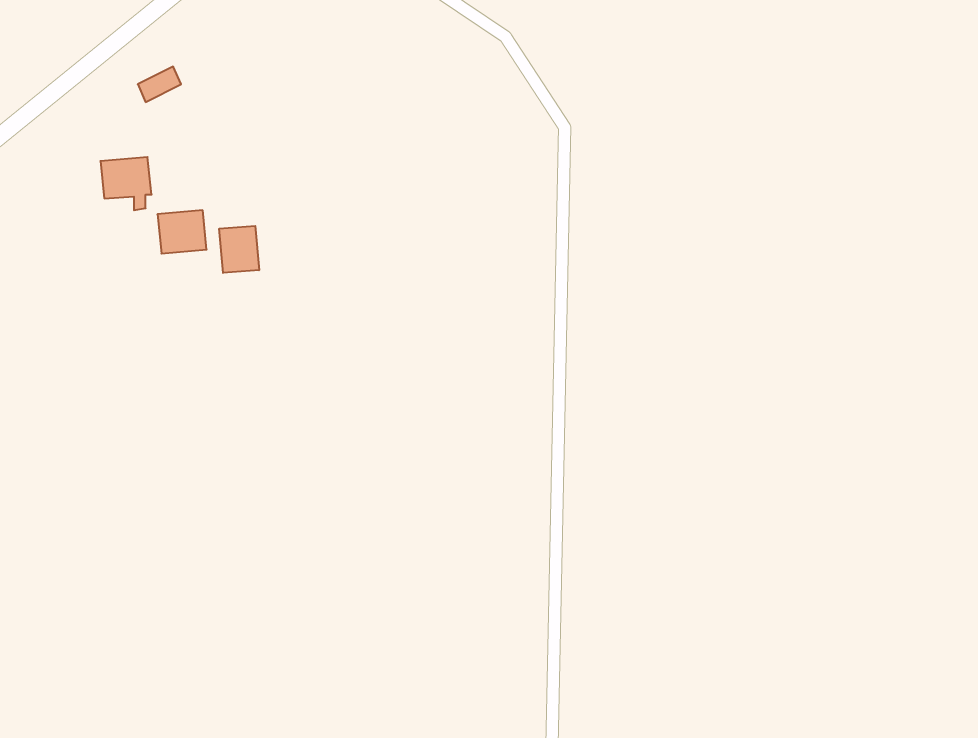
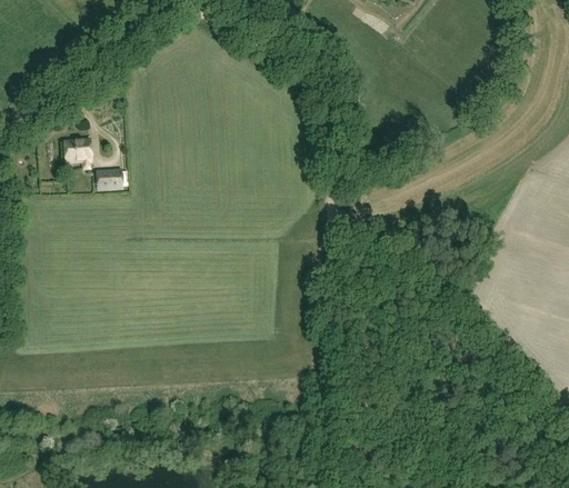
building: [219,226,259,273] -> none

